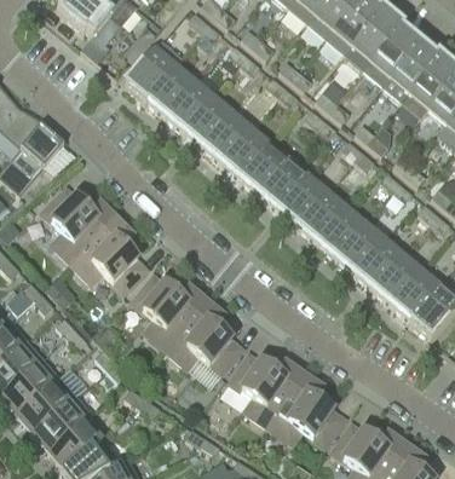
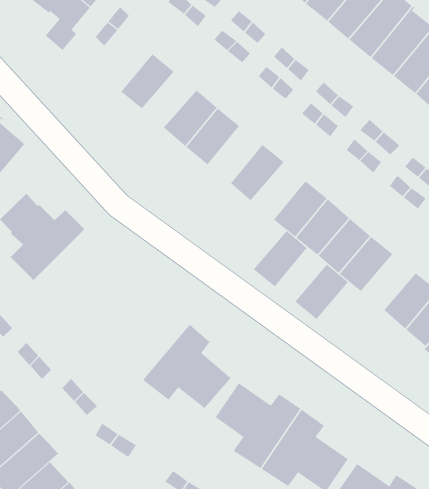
building: [122,37,180,99] -> none
building: [163,80,211,128] -> none
building: [220,127,267,177] -> none
building: [258,158,305,208] -> [253,230,307,287]
building: [69,217,146,292] -> none
building: [353,238,401,287] -> [295,264,349,320]
building: [128,271,205,347] -> none

